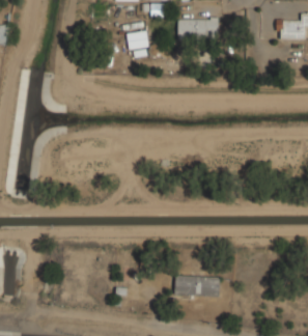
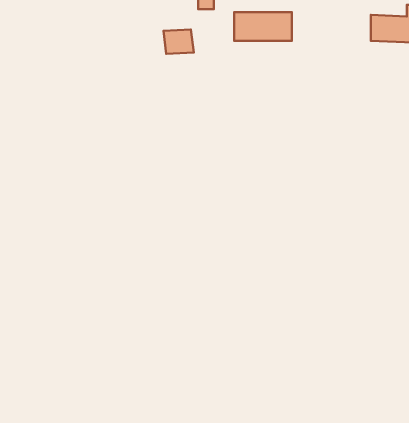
building: [175,277,220,296] -> none

